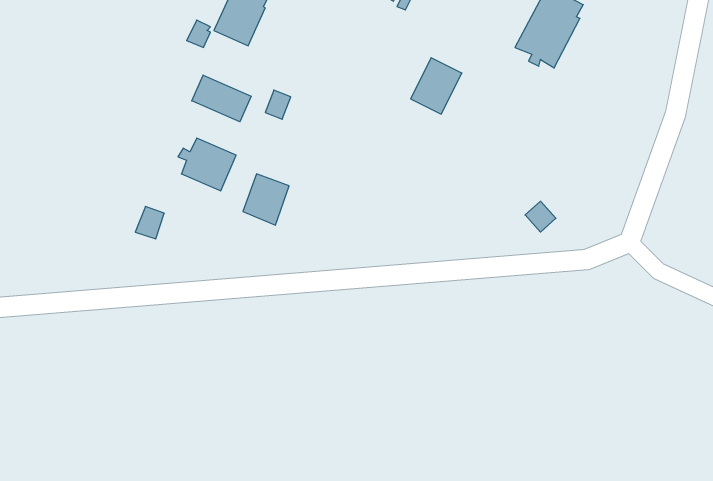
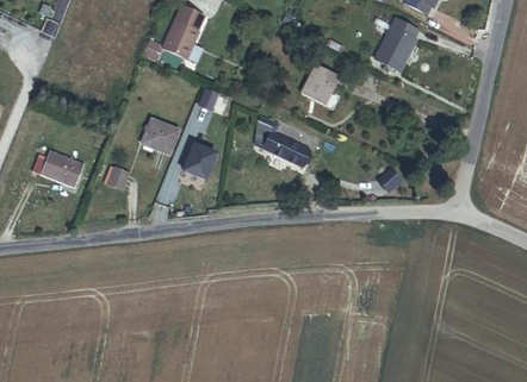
building: [192,75,251,122] -> none
building: none -> [255,112,310,164]
building: none -> [36,146,86,181]

